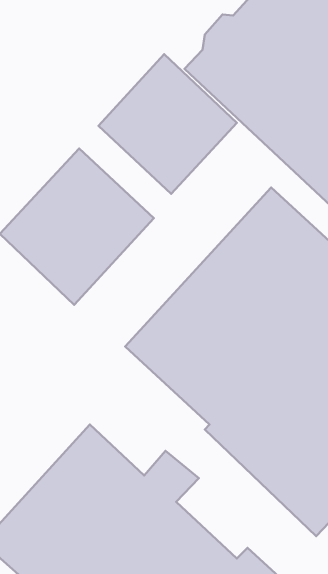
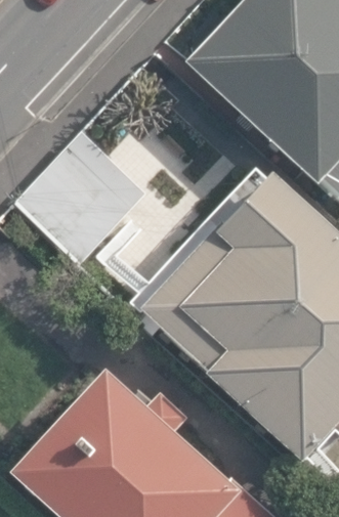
building: [99,54,237,194] -> none

